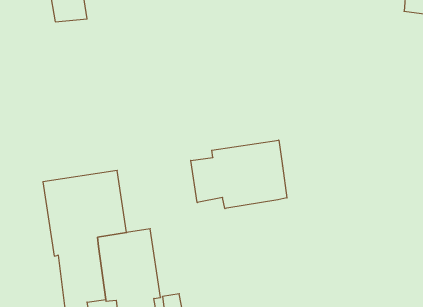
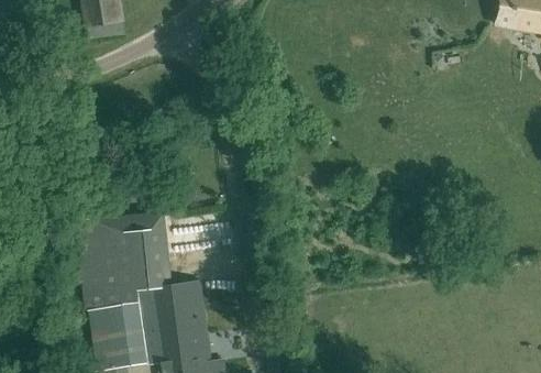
building: [191,140,287,209] -> none

